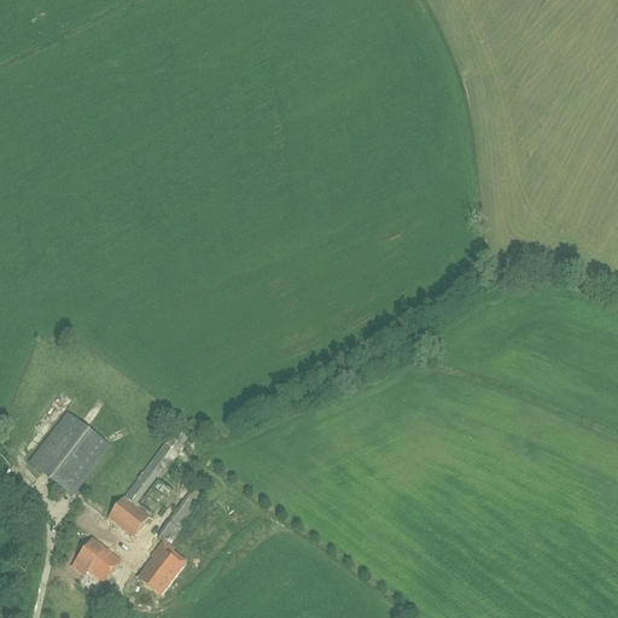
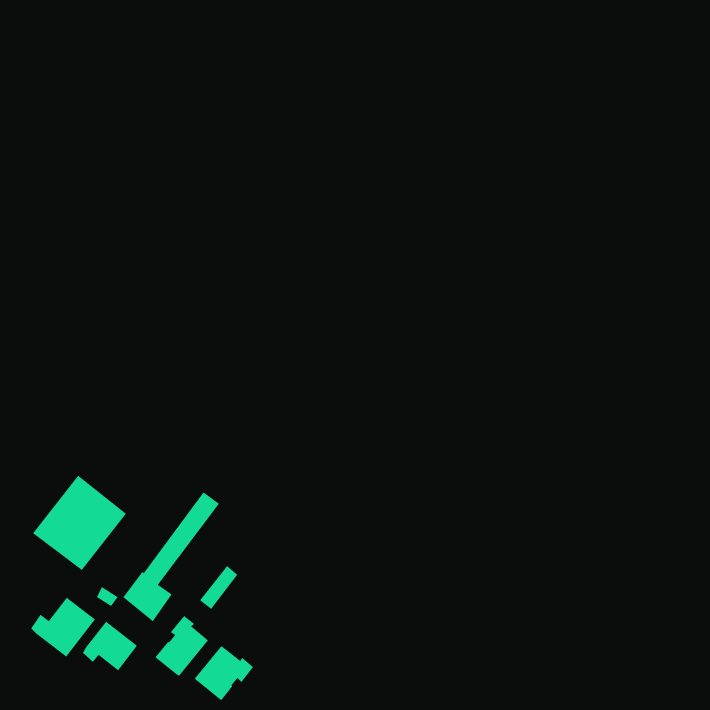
building: none -> [31,597,96,658]
building: none -> [194,645,254,701]

